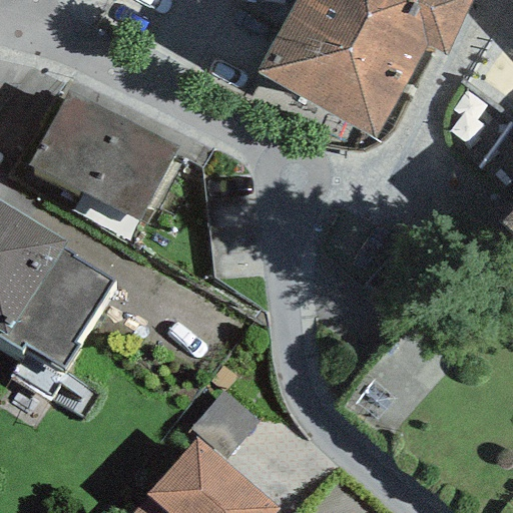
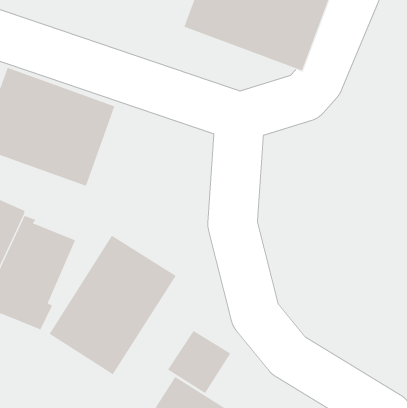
building: none -> [49,235,177,375]

